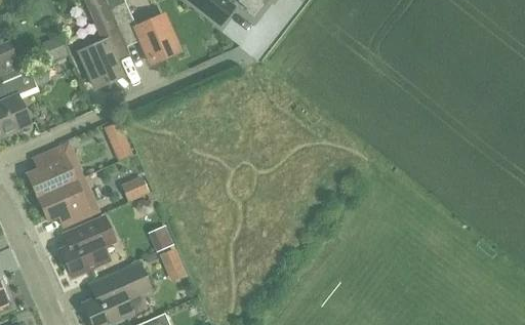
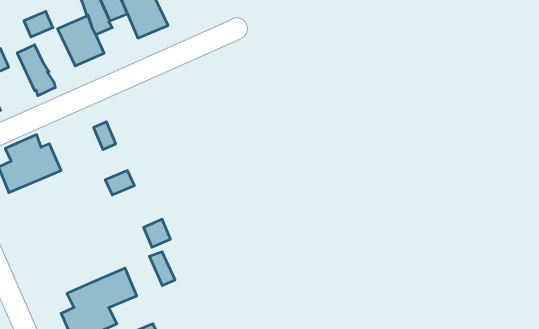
building: none -> [17,45,55,96]
building: [37,178,93,227] -> none
building: [59,217,115,277] -> none

